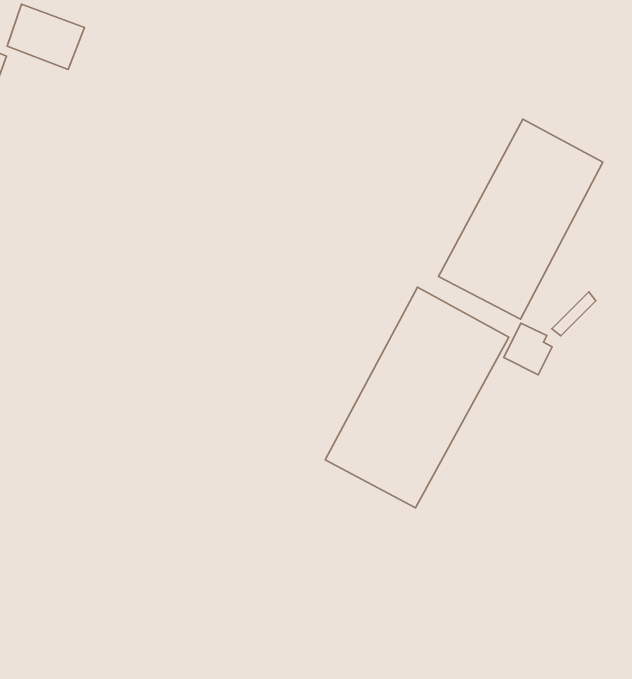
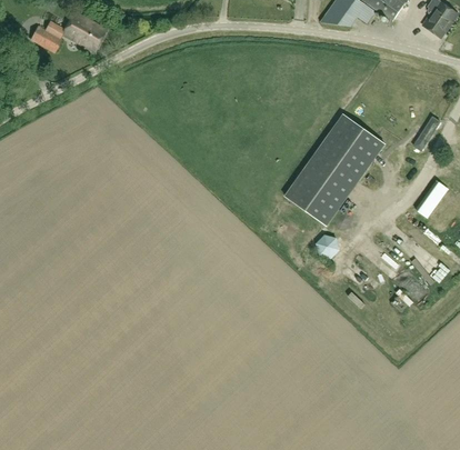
building: [325,287,509,508] -> none

